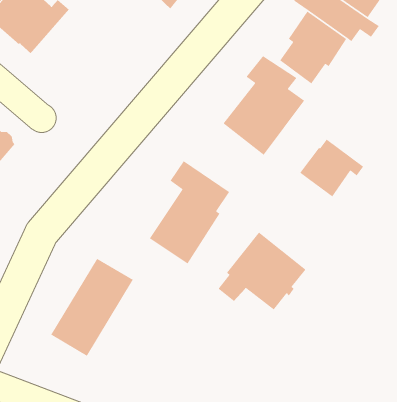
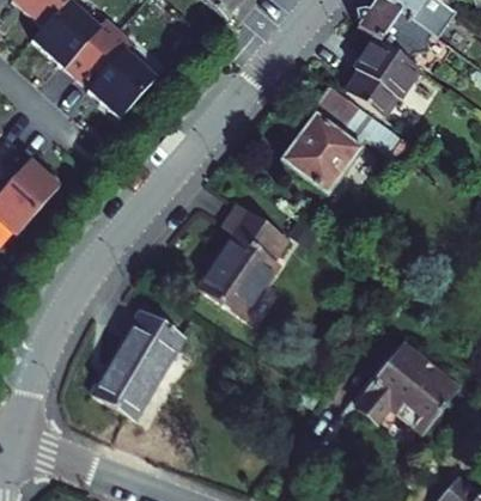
building: none -> [72,30,152,118]
building: [299,138,364,197] -> none
building: [218,231,306,311] -> [363,340,461,427]

